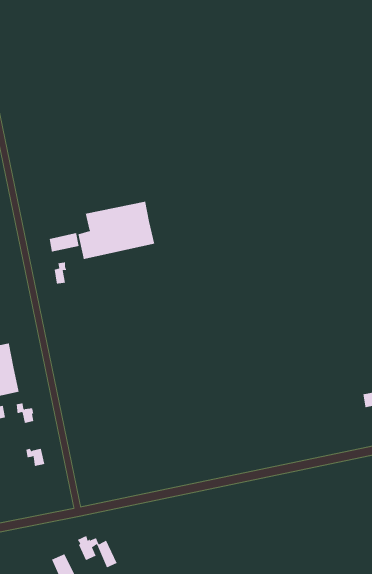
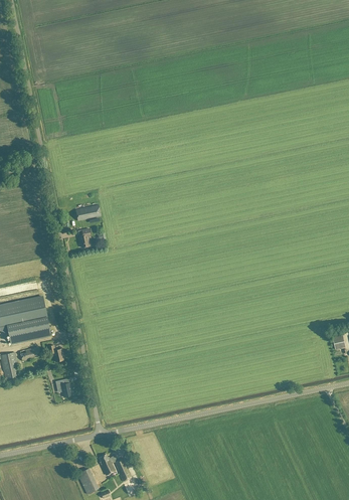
building: [78,201,155,260] -> none

